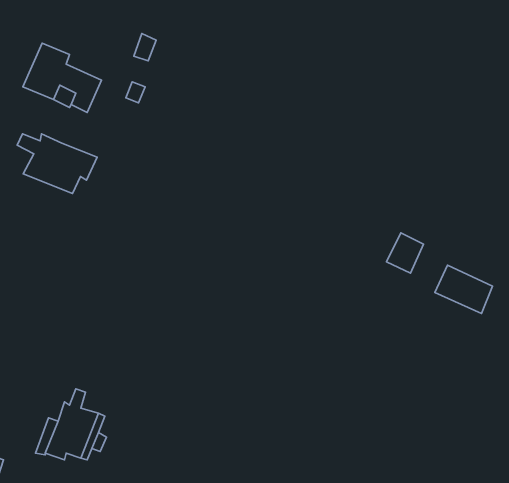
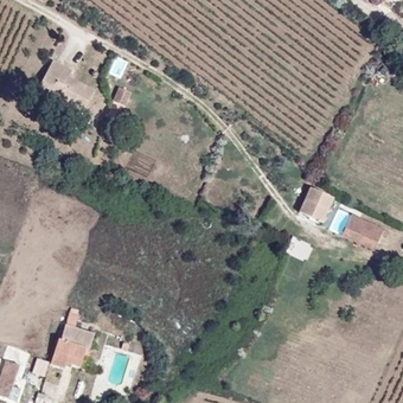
building: [17,134,97,194] -> none

